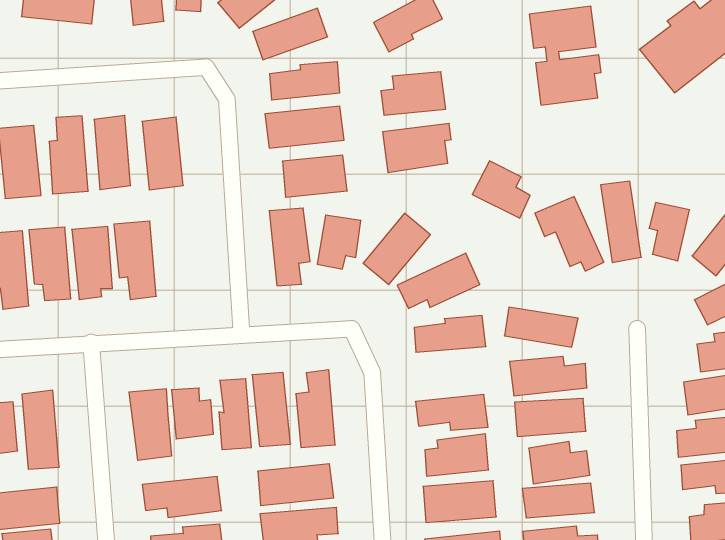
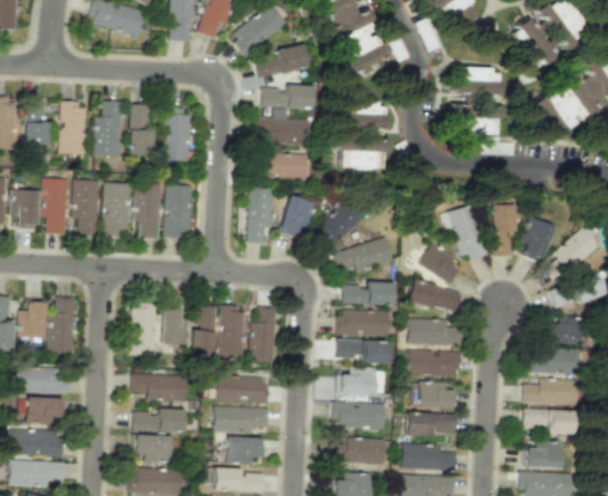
building: [472,161,530,218] -> [419,241,461,286]
building: none -> [165,184,194,237]
building: none -> [340,308,391,336]

